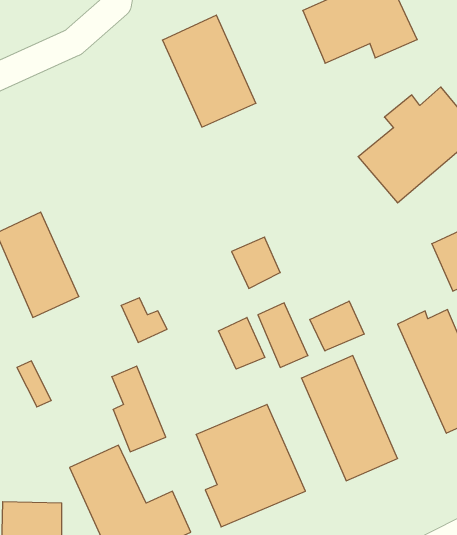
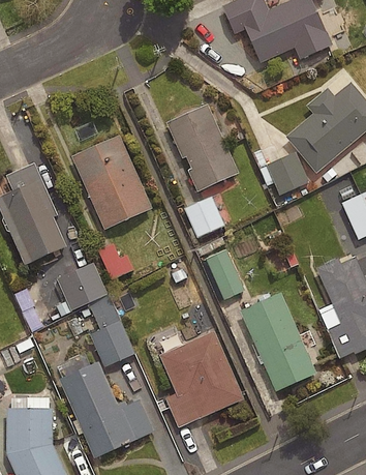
building: [162,15,256,127] -> [164,102,238,190]
building: none -> [70,135,151,229]
building: none -> [260,155,306,196]
building: [310,301,364,351] -> none
building: [218,317,265,369] -> none
building: none -> [59,266,105,311]

